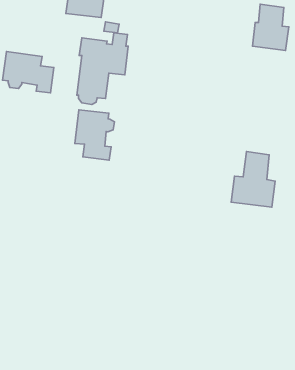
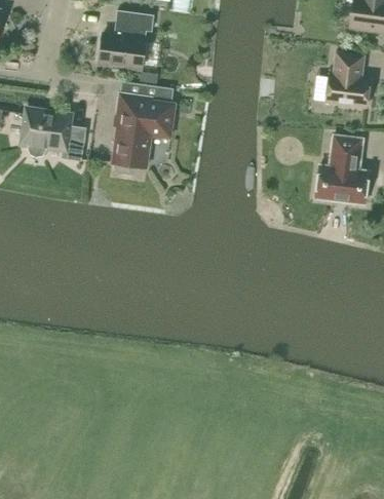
building: [75,110,114,160] -> none
building: [231,152,275,207] -> [316,135,370,202]

